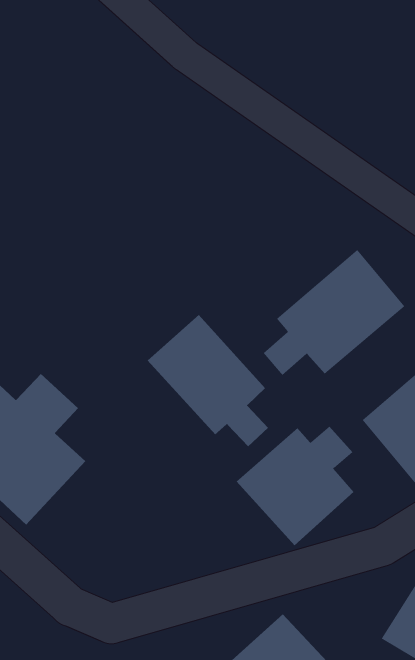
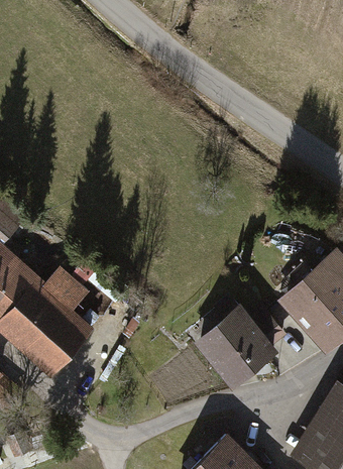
building: [263,249,405,376] -> none
building: [147,314,269,447] -> none

